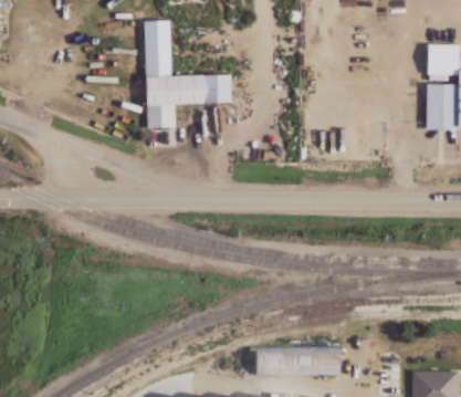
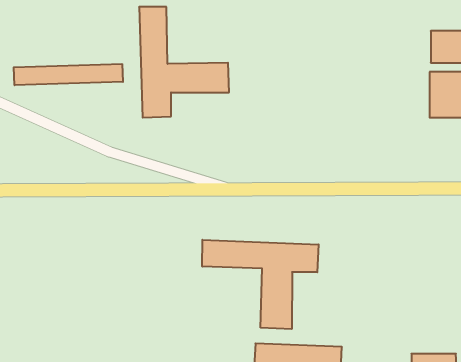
building: none -> [14,64,123,85]
building: none -> [202,240,319,329]

